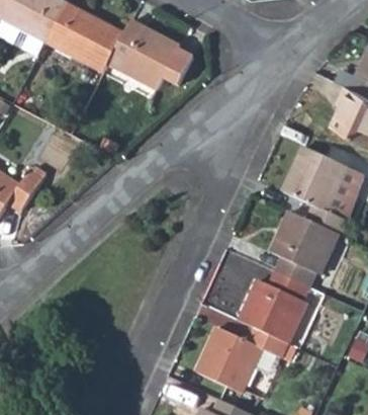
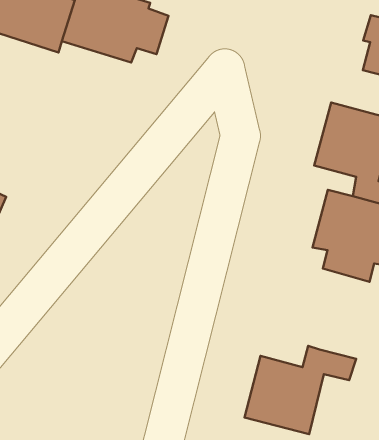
building: [238,270,308,343] -> none

